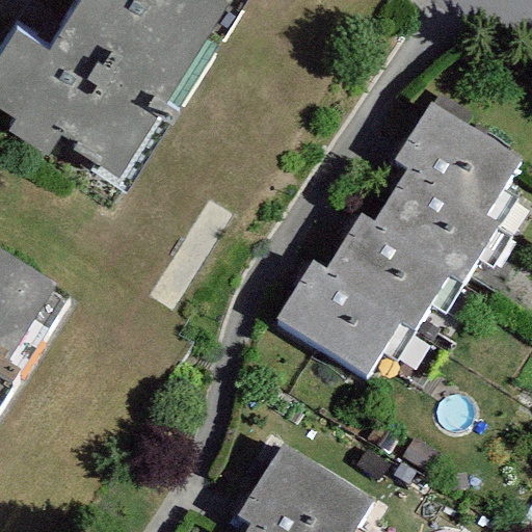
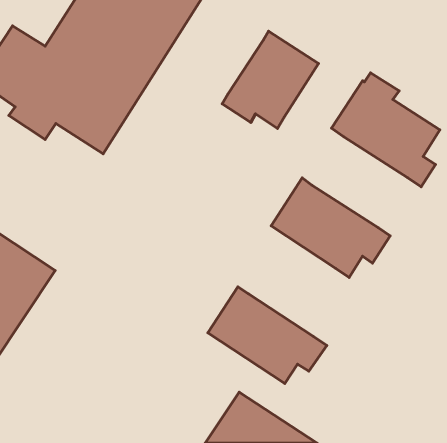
building: none -> [222,31,318,128]
building: [365,160,507,275] -> none
building: [269,256,408,369] -> [208,287,327,384]

